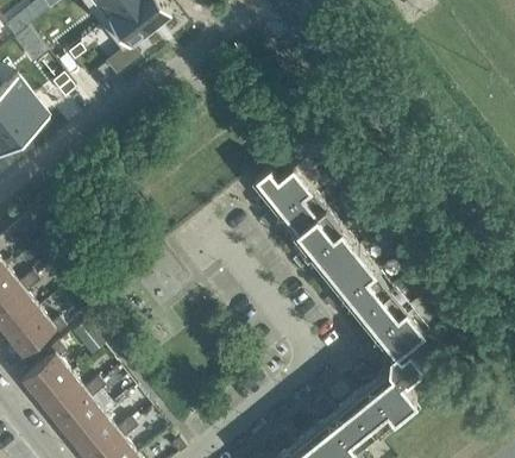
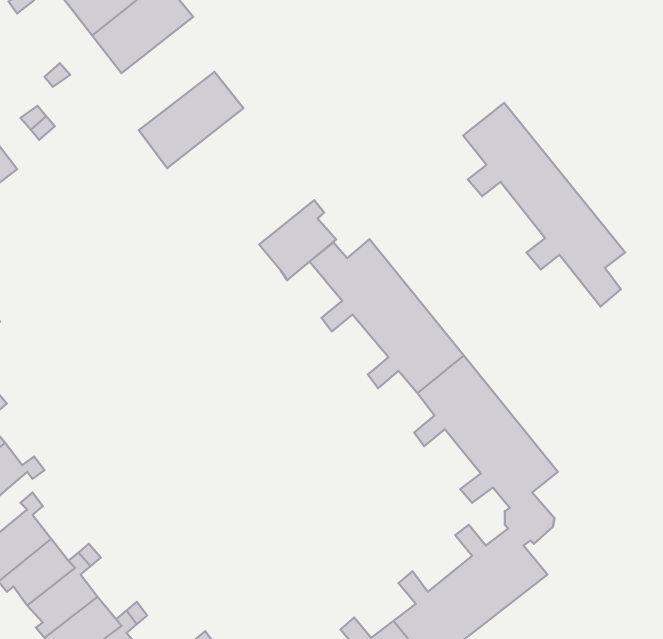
building: none -> [139,72,244,168]
building: none -> [463,103,625,306]
building: none -> [259,200,336,280]

